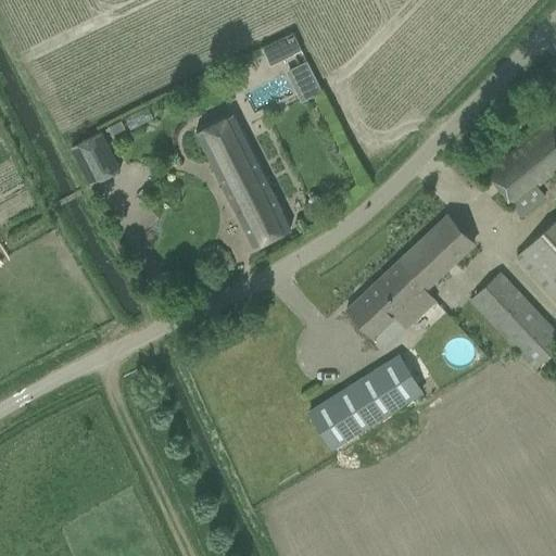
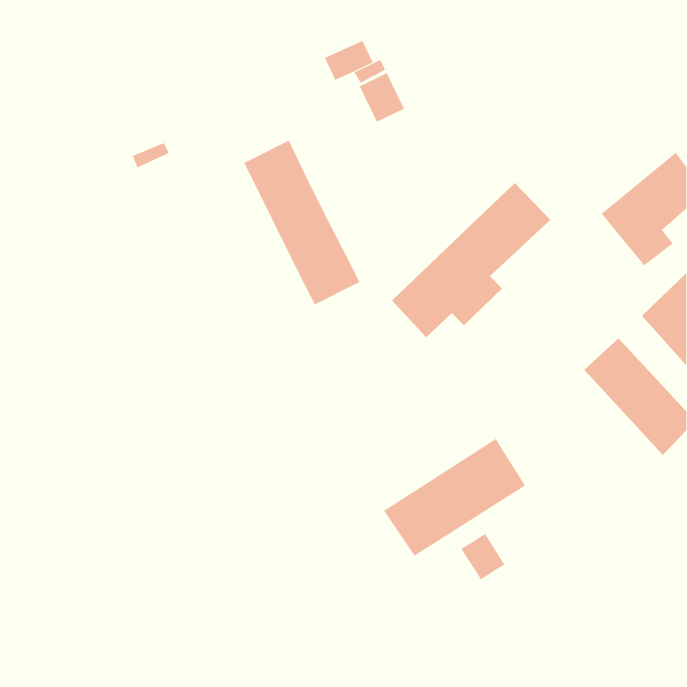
building: [71,131,121,186] -> none
building: [348,213,477,339] -> [391,182,551,338]
building: none -> [460,533,505,580]

